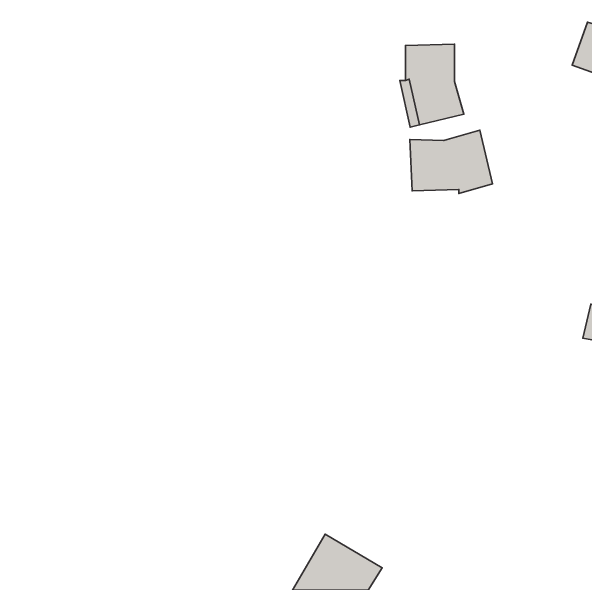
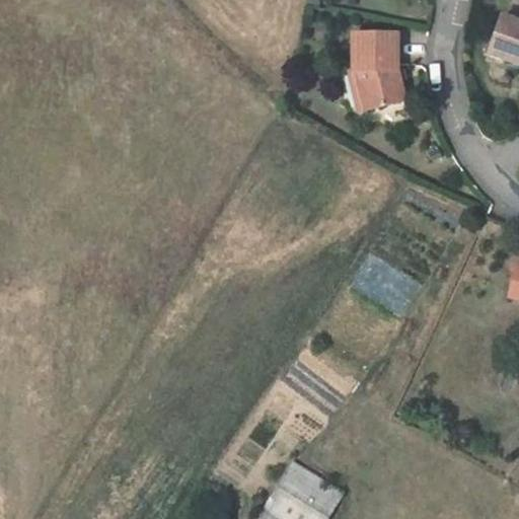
building: [410,130,493,194] -> none

